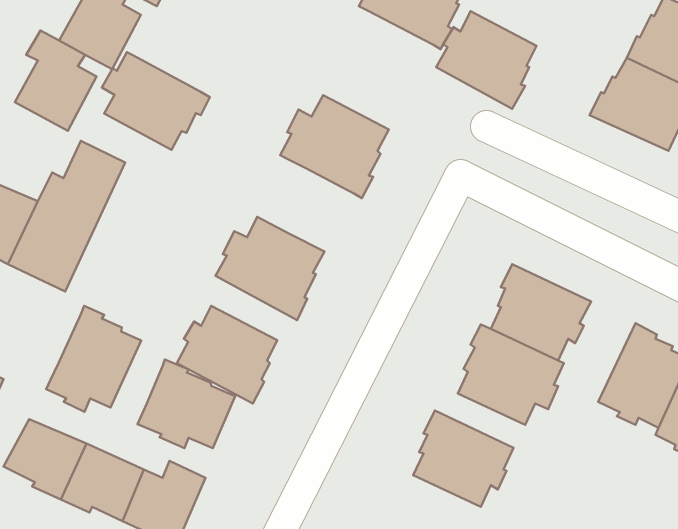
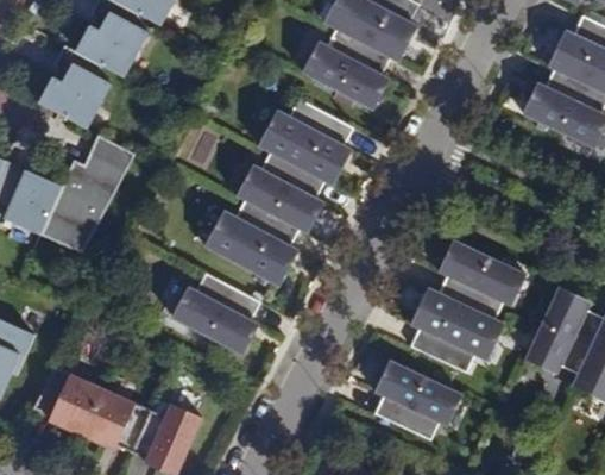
building: [436,11,536,109] -> [307,29,390,110]
building: [102,52,210,150] -> none
building: none -> [241,152,324,232]
building: [46,306,141,412] -> none
building: [137,359,235,448] -> none

